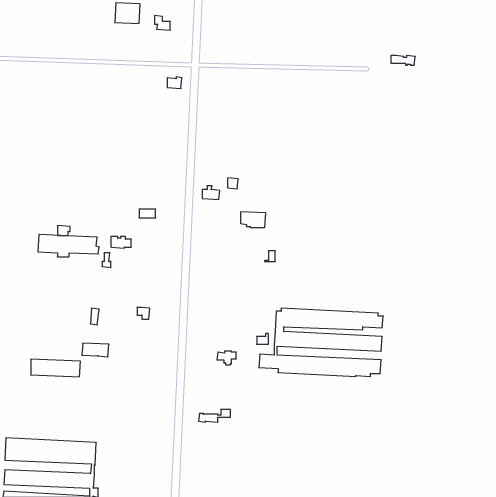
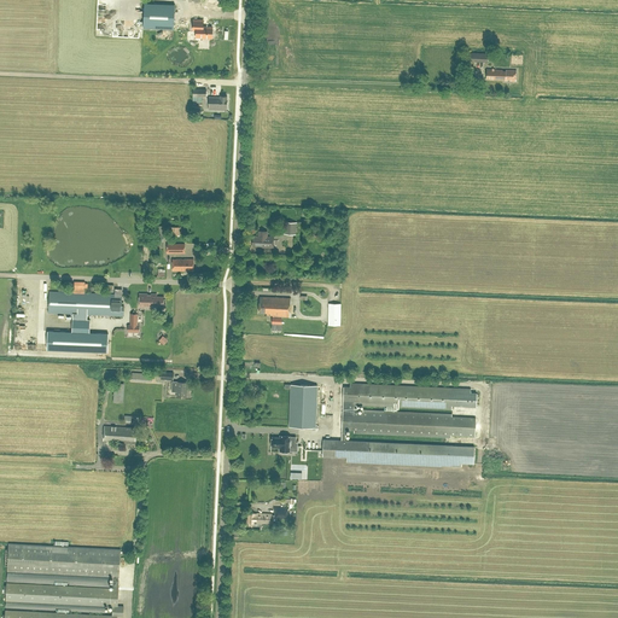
building: [241,212,266,228] -> [258,297,290,316]
building: none -> [287,384,316,427]
building: [31,359,80,377] -> [46,331,107,352]

